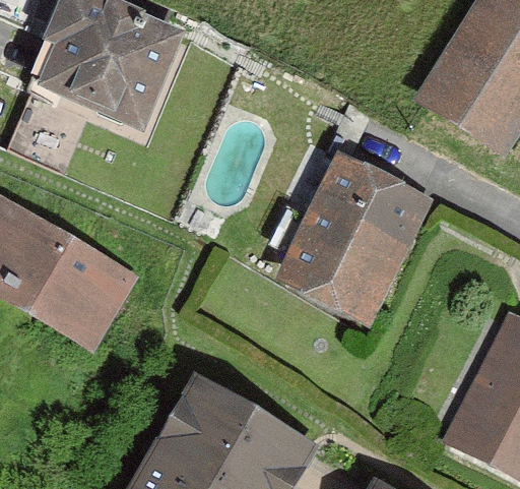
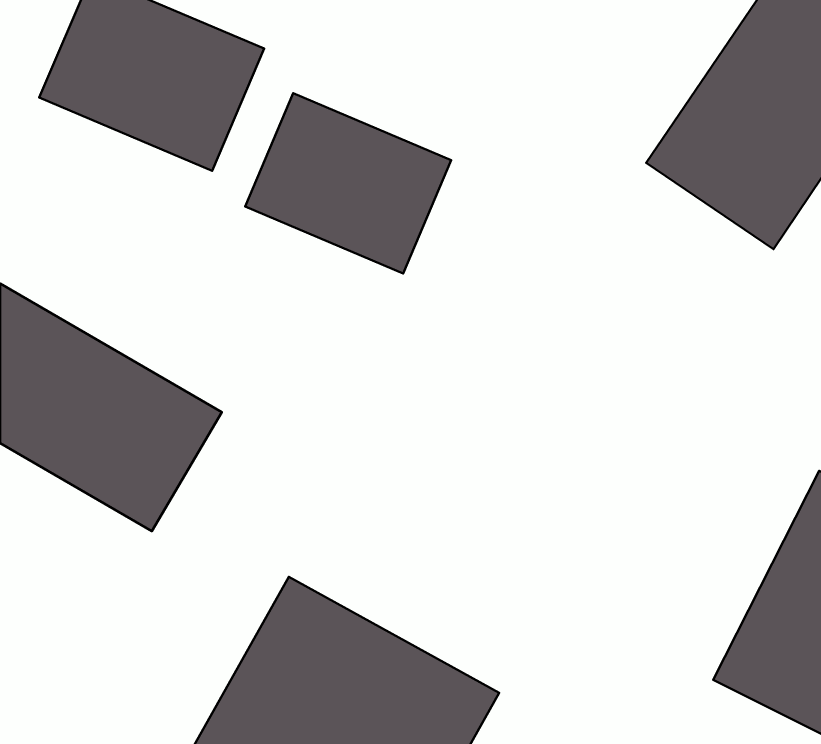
building: none -> [245,93,451,274]
building: [278,151,434,324] -> none

